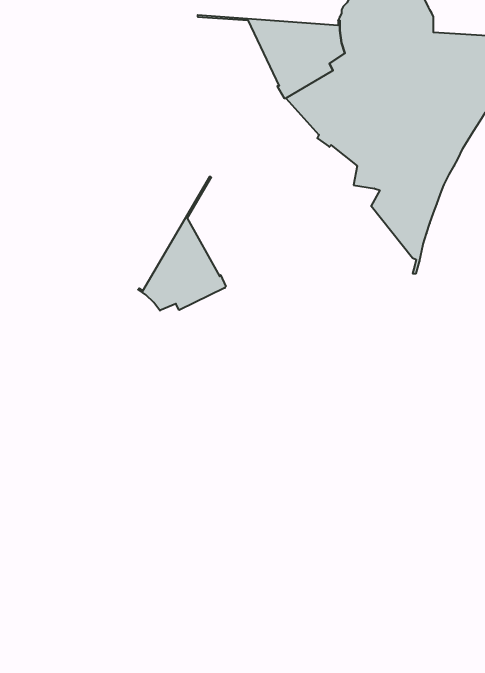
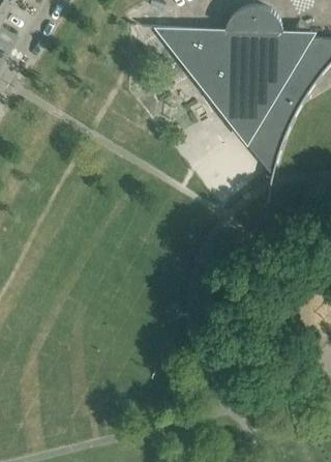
building: [138,176,226,311] -> none

